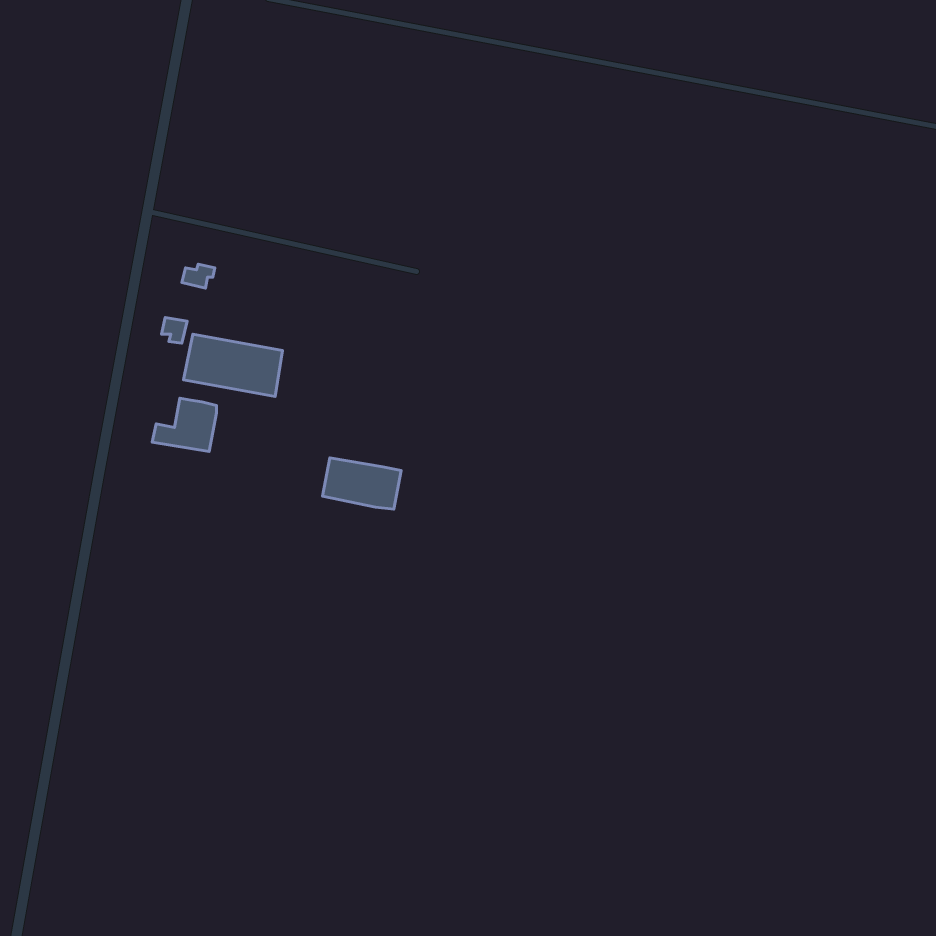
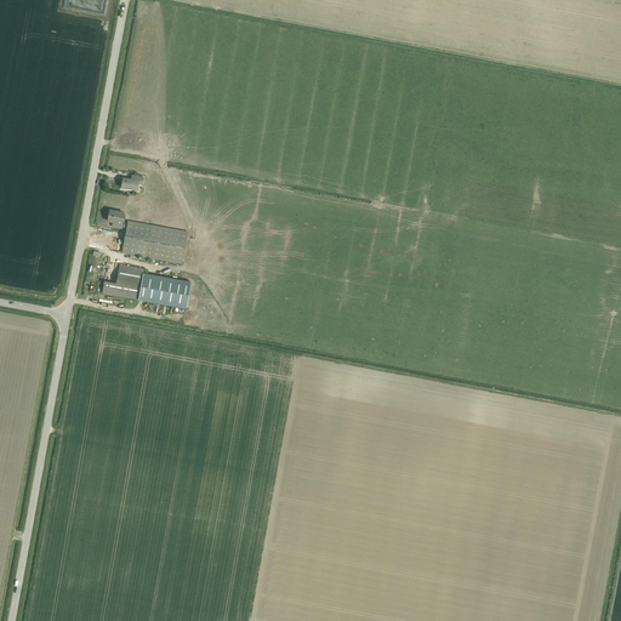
building: [322,458,401,509] -> [138,273,190,307]

